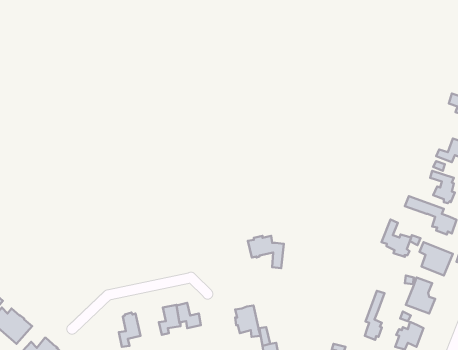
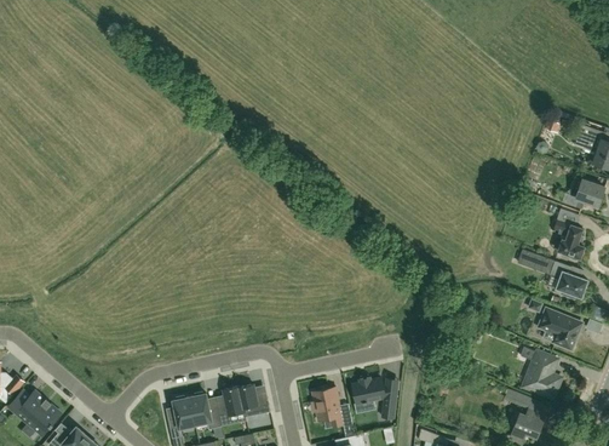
building: [381,220,411,257] -> none
building: [248,236,284,268] -> [351,378,396,418]
building: [365,291,384,340] -> none
building: none -> [188,393,220,430]

